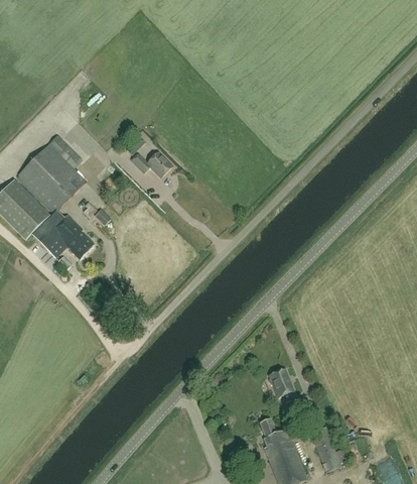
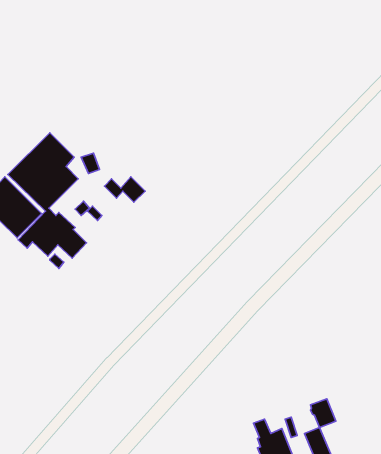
building: [131,151,171,176] -> [104,177,145,202]
building: [268,368,293,396] -> [310,399,336,427]

